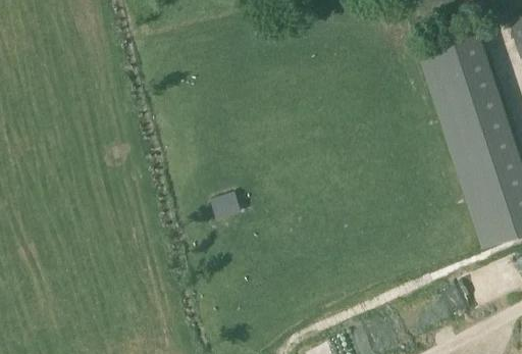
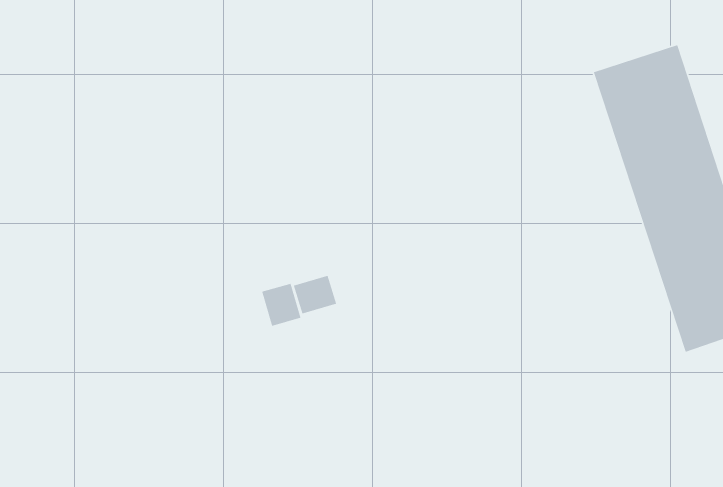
building: none -> [261,283,301,327]

